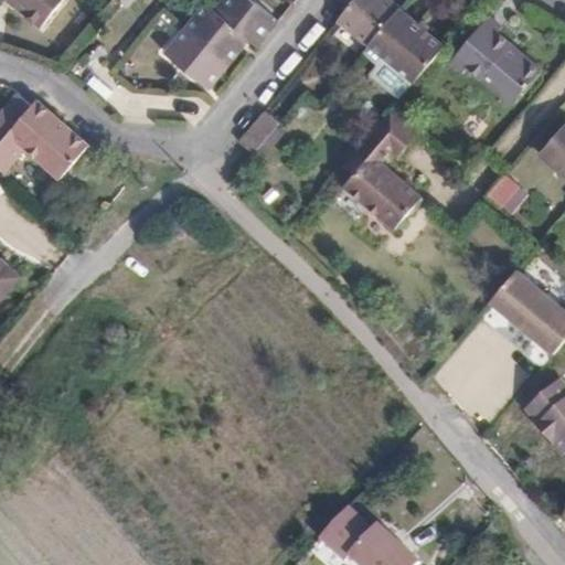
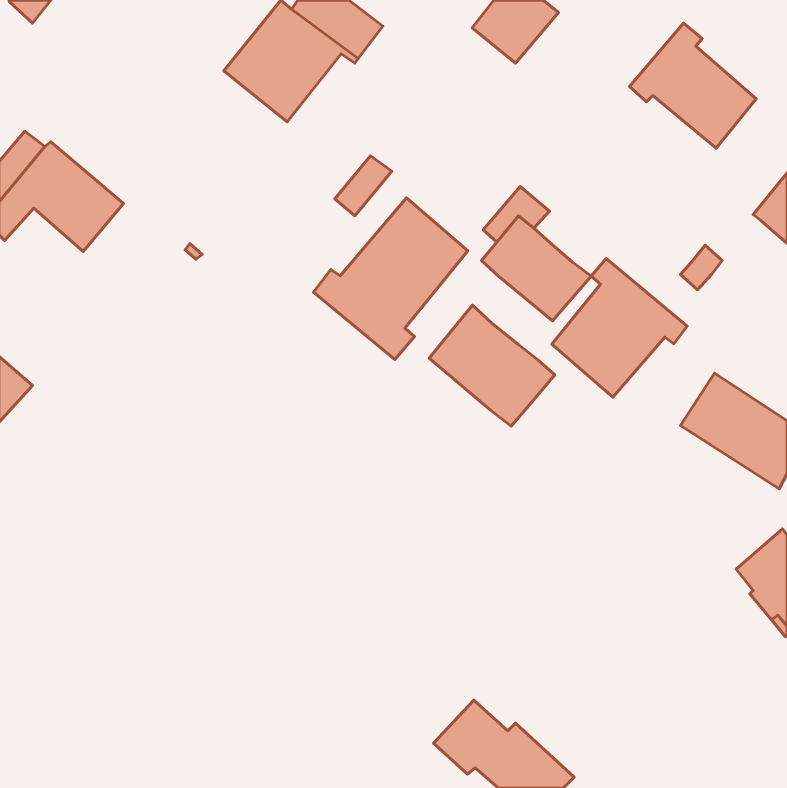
building: [369,9,445,84] -> none
building: [372,110,418,157] -> none
building: none -> [313,198,468,359]
building: none -> [552,258,687,397]
building: none -> [429,305,555,426]

